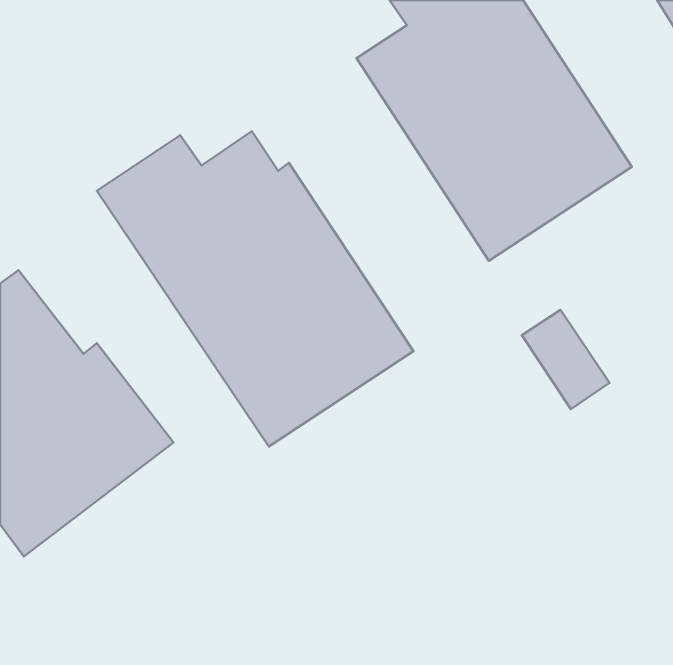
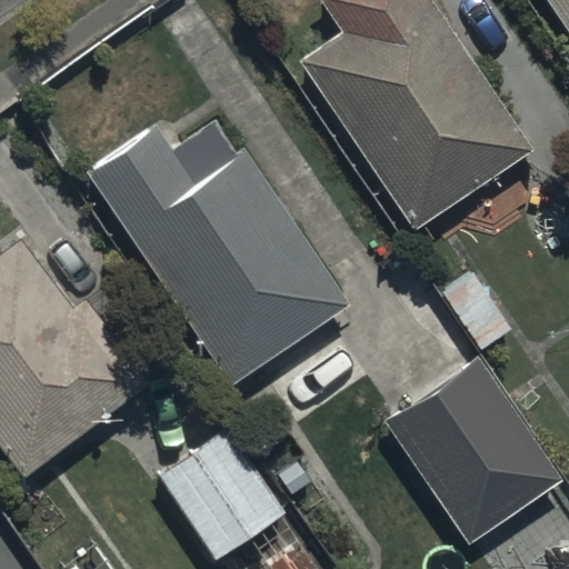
building: none -> [387,363,540,520]
building: none -> [154,430,281,563]

